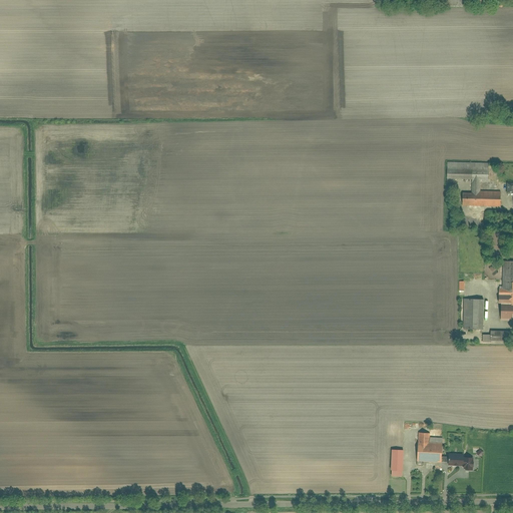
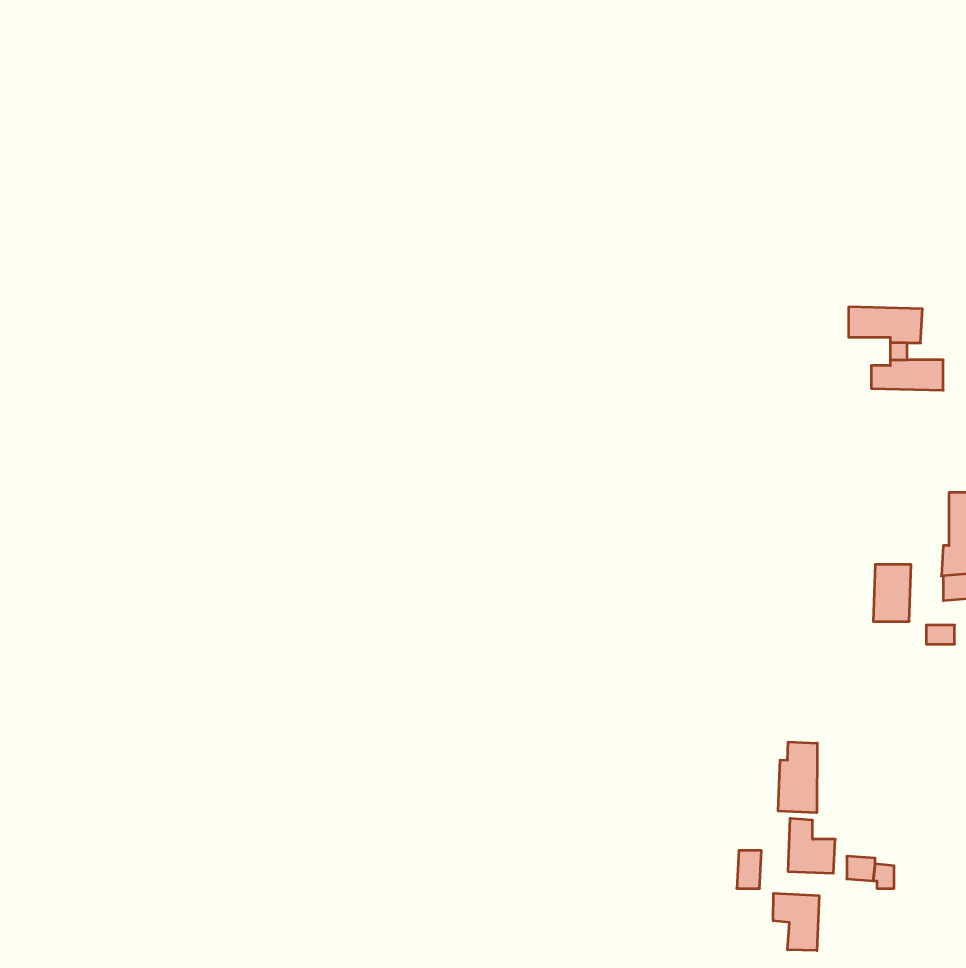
building: none -> [778,742,817,813]
building: none -> [773,893,819,951]

